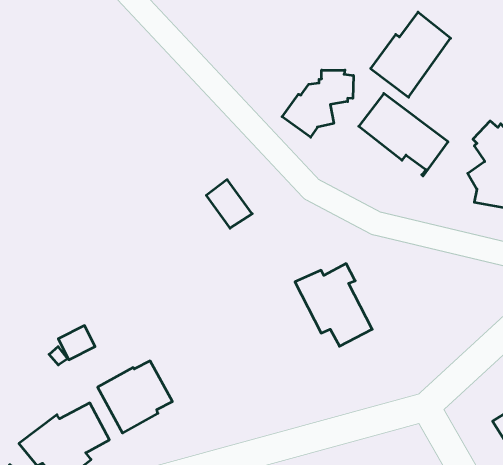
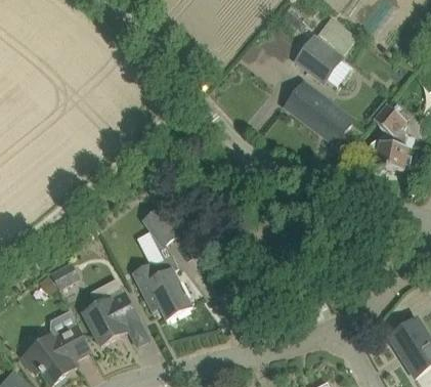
building: [282,70,353,137] -> none
building: [206,180,252,228] -> [143,209,179,247]
building: [295,264,372,346] -> [131,256,191,320]

